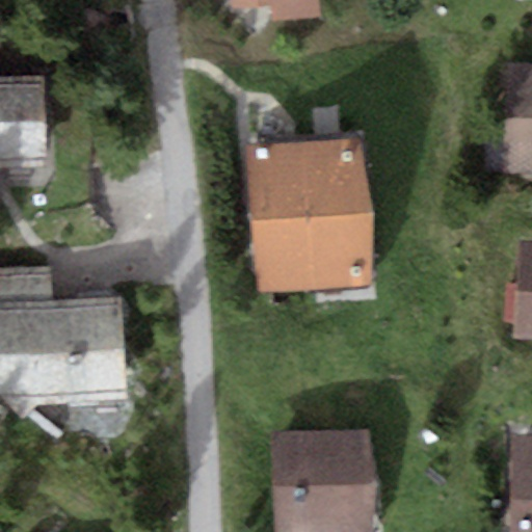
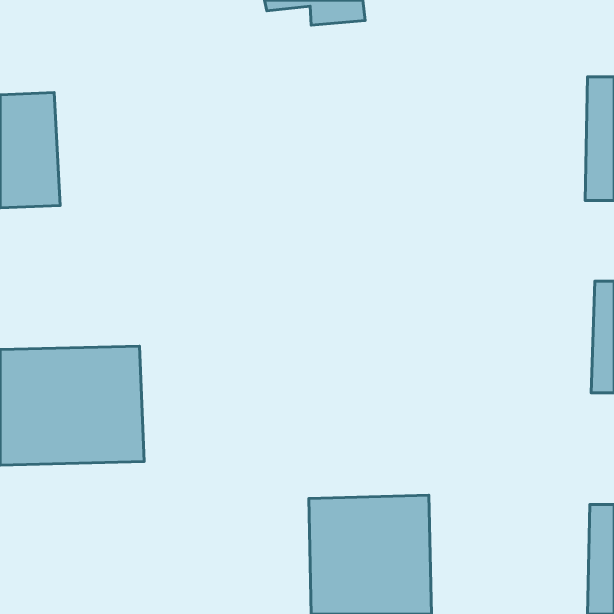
building: [248,142,373,290] -> none

